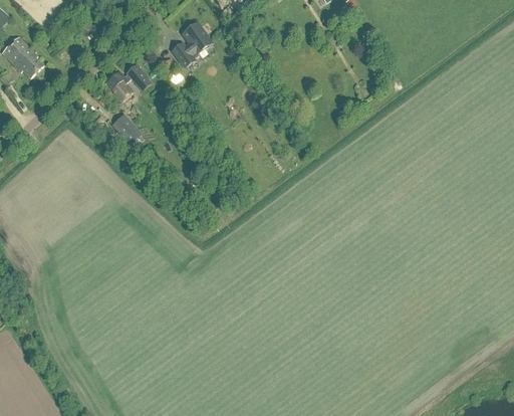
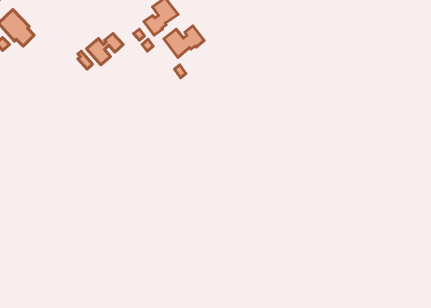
building: none -> [164,26,204,57]
building: [110,113,141,144] -> none

